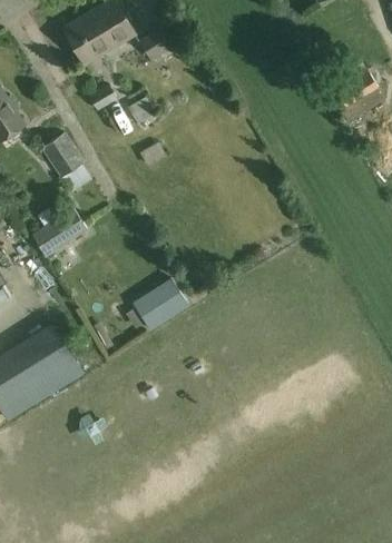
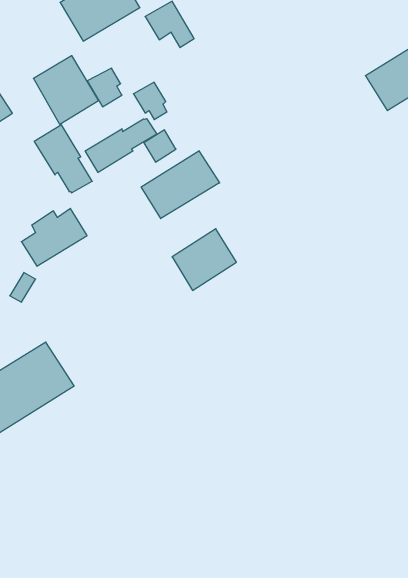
building: none -> [33,56,99,124]
building: none -> [85,119,157,172]
building: none -> [141,151,220,219]
building: [134,278,189,332] -> [172,229,236,290]

